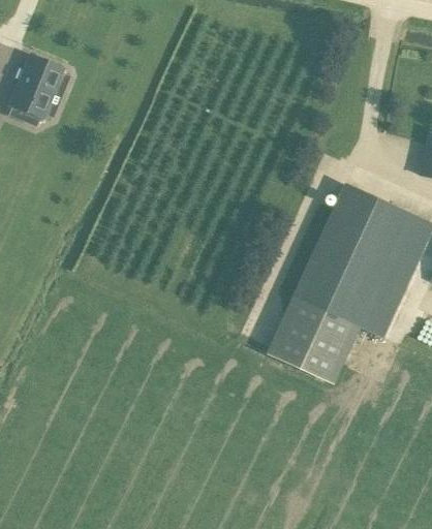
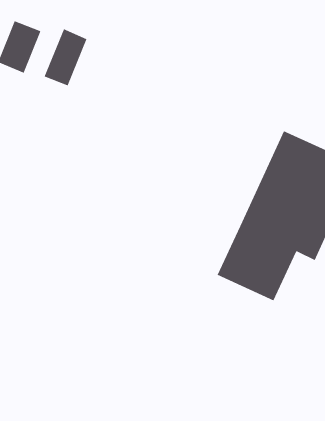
building: none -> [44,28,87,87]

